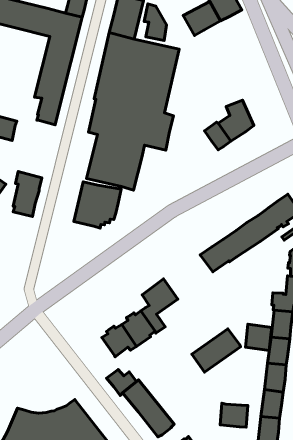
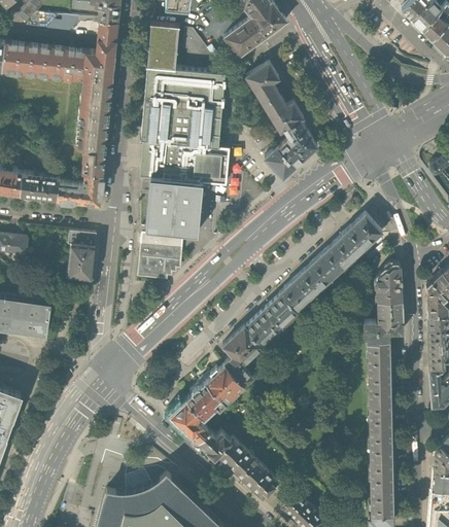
building: none -> [246,64,304,133]
building: none -> [58,174,102,205]
building: [246,324,272,350] -> none
building: [192,329,240,372] -> [245,295,297,346]
building: none -> [169,399,208,443]
building: [220,403,248,427] -> none

